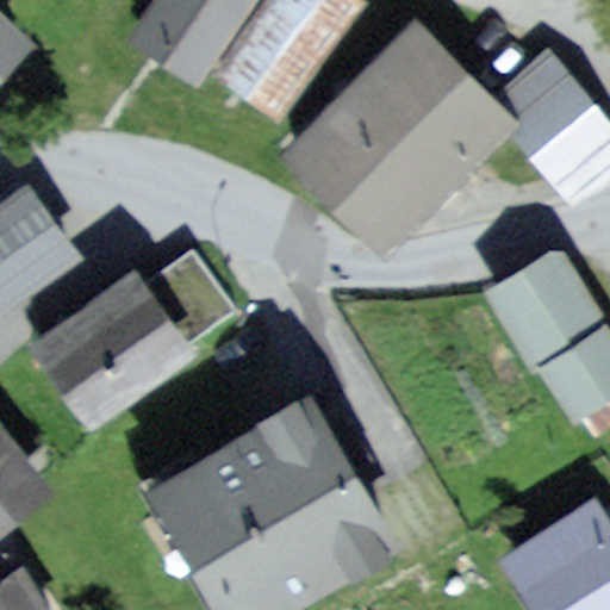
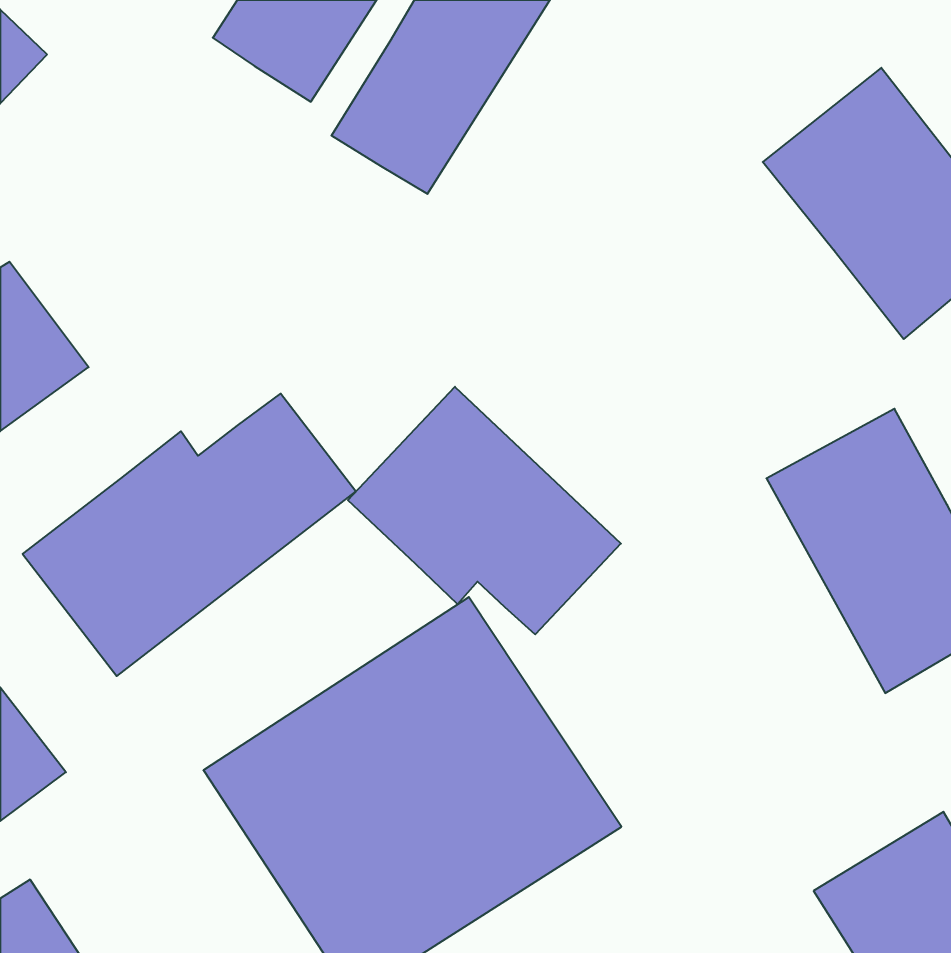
building: [291,38,493,239] -> none
building: none -> [348,387,621,634]

